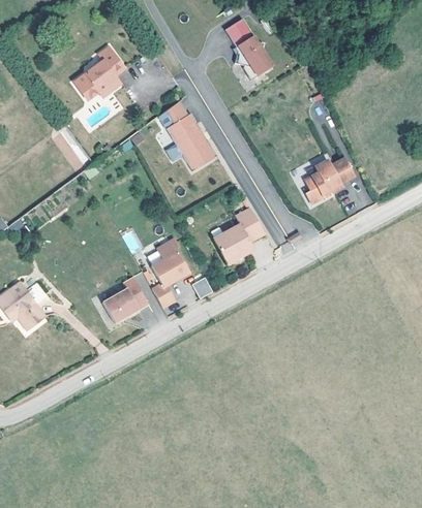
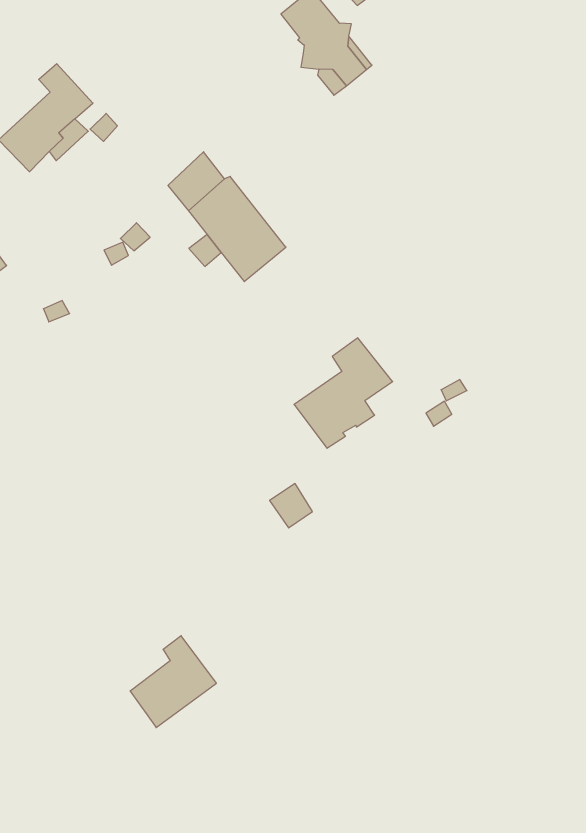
building: [307,156,357,201] -> none
building: [150,237,189,307] -> none
building: [102,276,148,322] -> [130,636,216,728]

